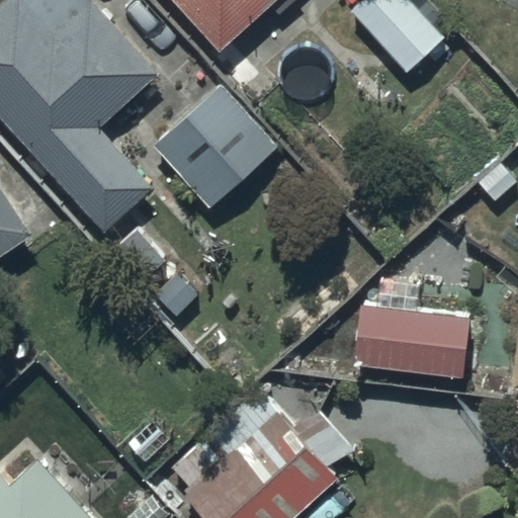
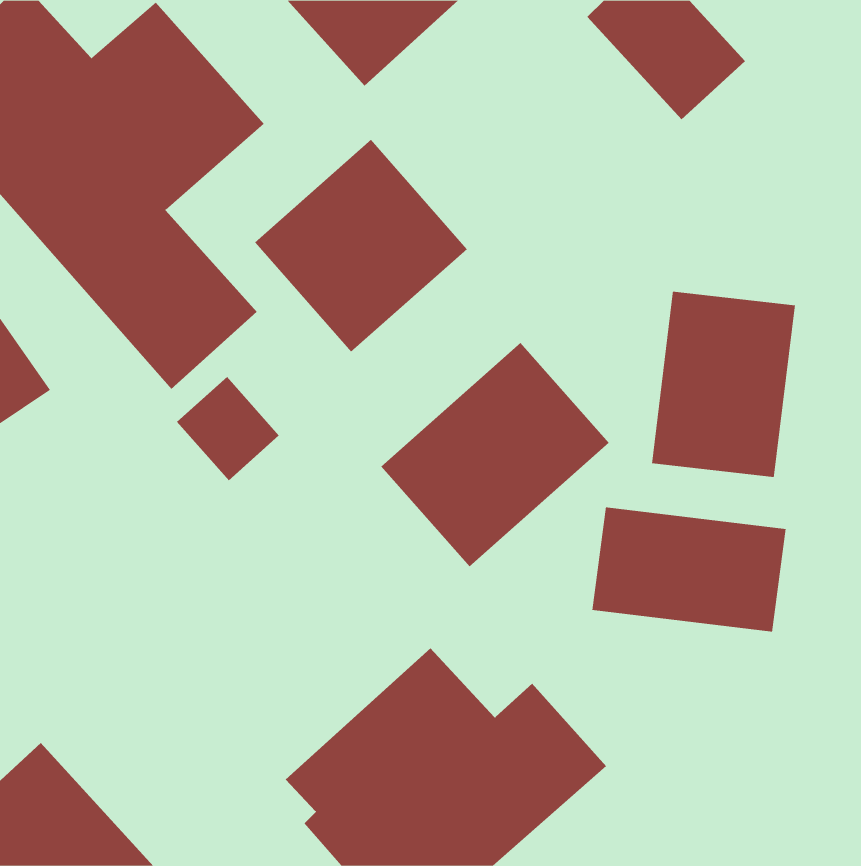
building: none -> [651,291,795,478]
building: none -> [380,342,610,567]

